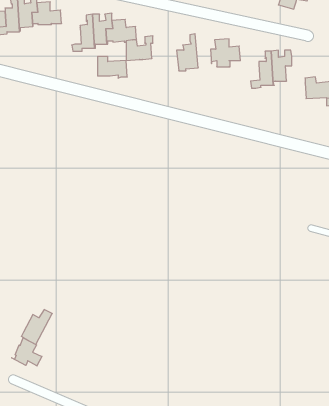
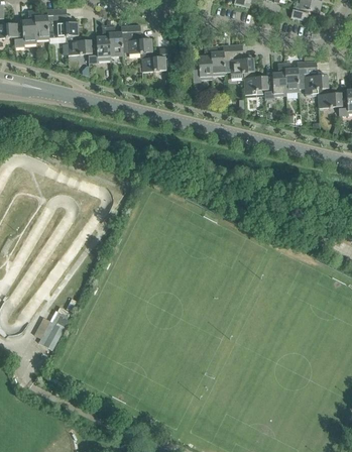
building: none -> [209,43,229,78]
building: none -> [298,66,327,94]
building: [98,56,127,78] -> [68,34,97,55]
building: none -> [242,71,272,94]
building: [12,338,42,366] -> none

